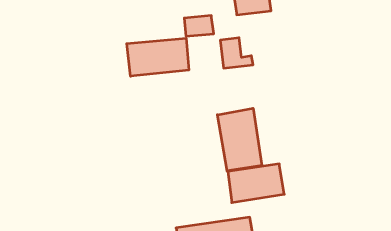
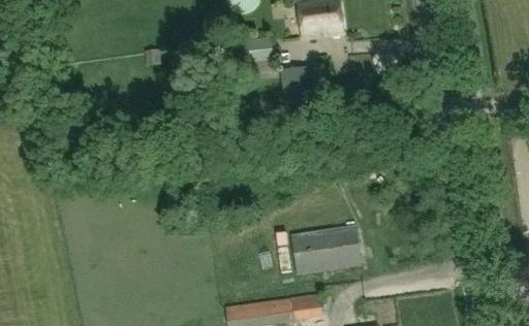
building: [127,38,189,76] -> none
building: [217,108,262,171] -> none

